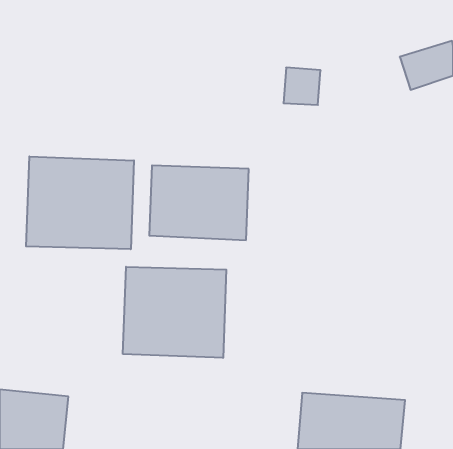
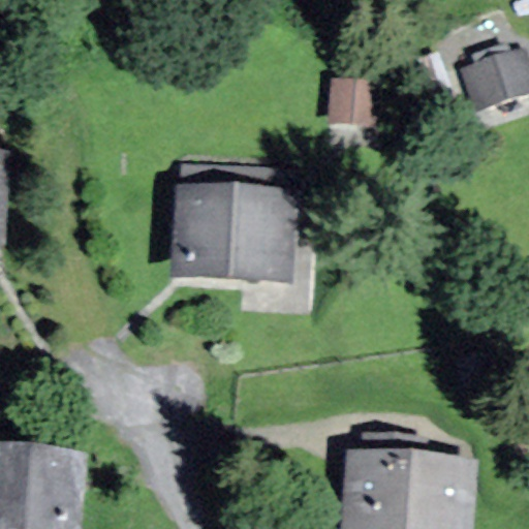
building: [26,156,134,249] -> none
building: [123,267,226,358] -> none

